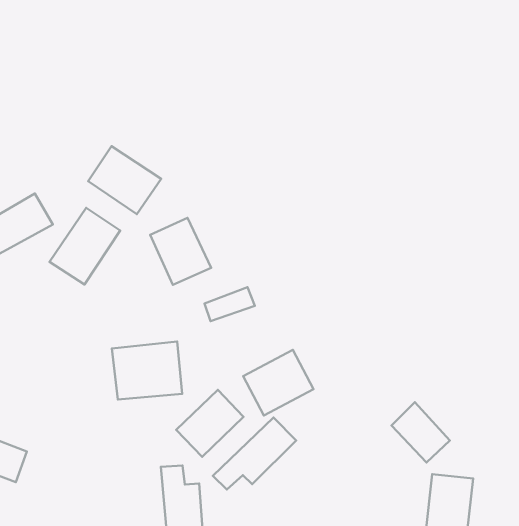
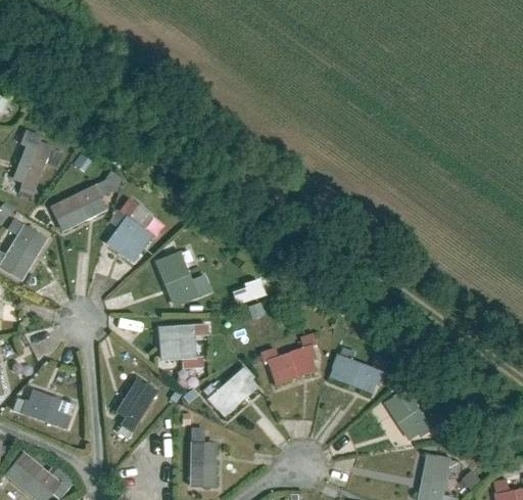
building: [88,146,161,214] -> none
building: [150,218,211,285] -> [154,251,204,307]
building: none -> [334,357,383,395]
building: none -> [117,379,158,439]
building: [213,418,296,490] -> none

